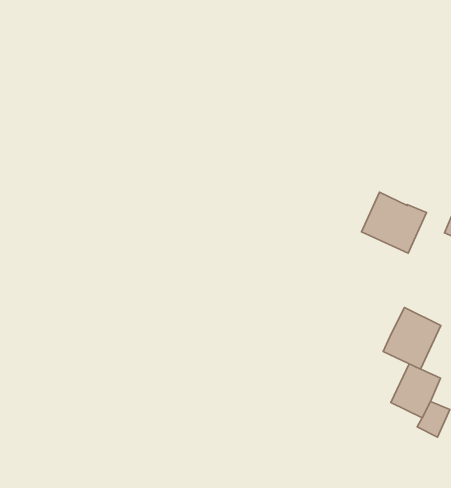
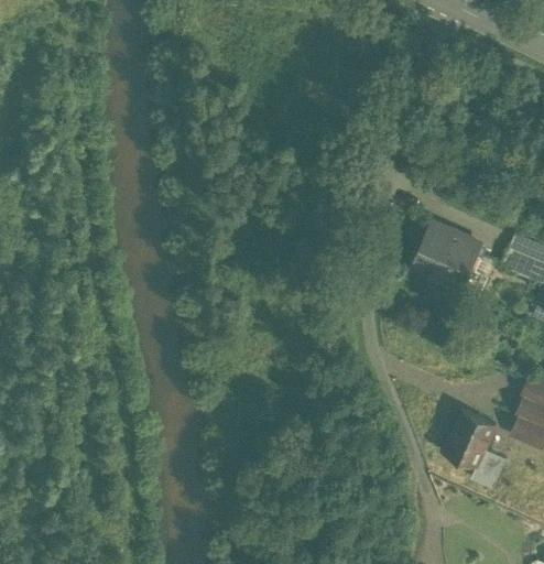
building: [383,308,441,369] -> none

